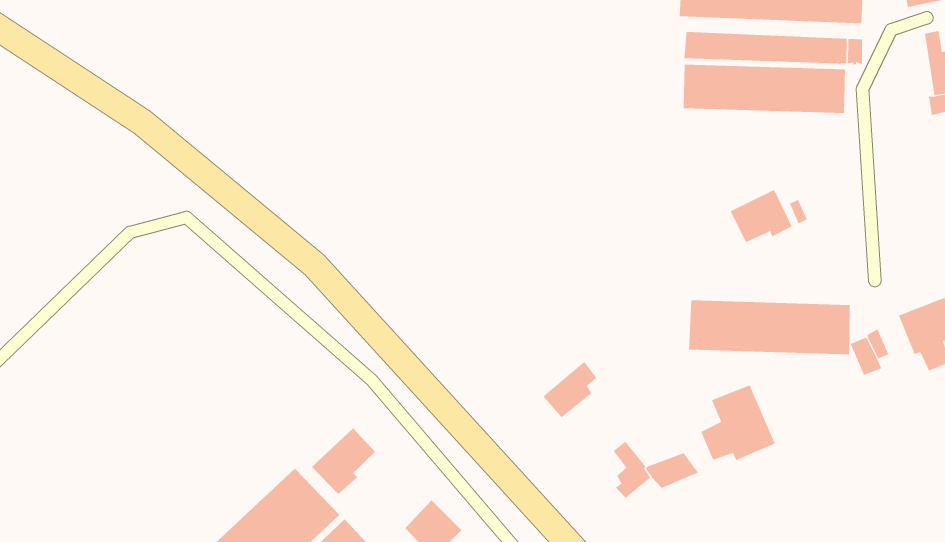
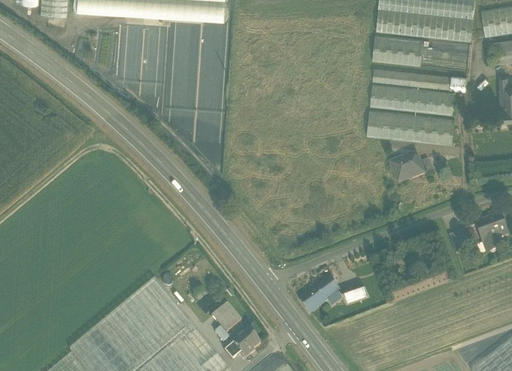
building: [688,300,850,355] -> [367,110,453,144]
building: [543,361,597,418] -> [299,283,328,312]
building: [701,384,776,461] -> none
building: [311,428,376,495] -> none

